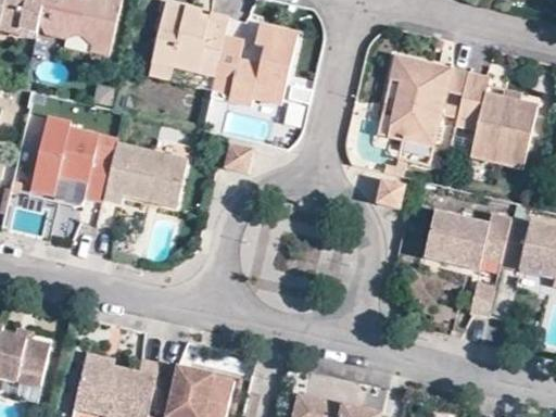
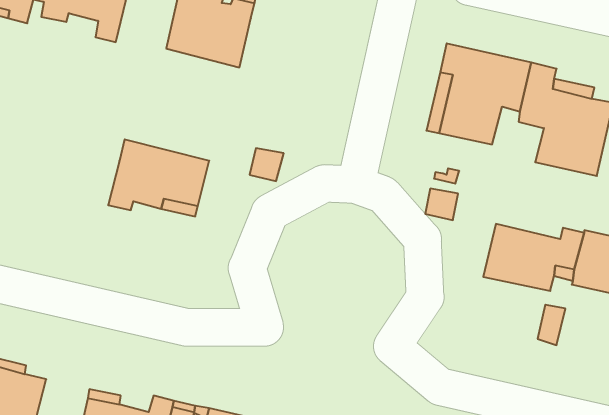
building: [212,24,300,106] -> none
building: [29,112,112,199] -> none

